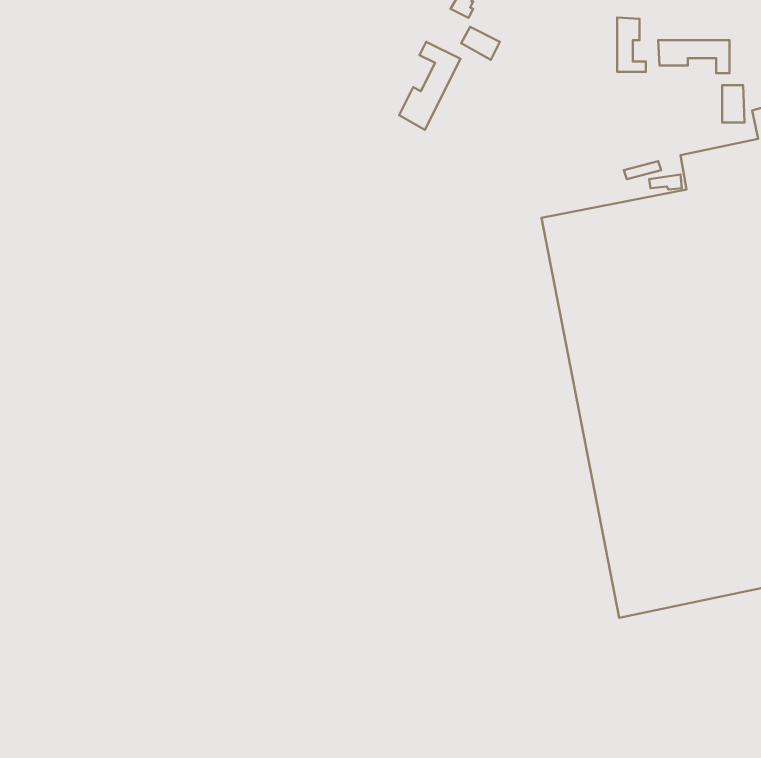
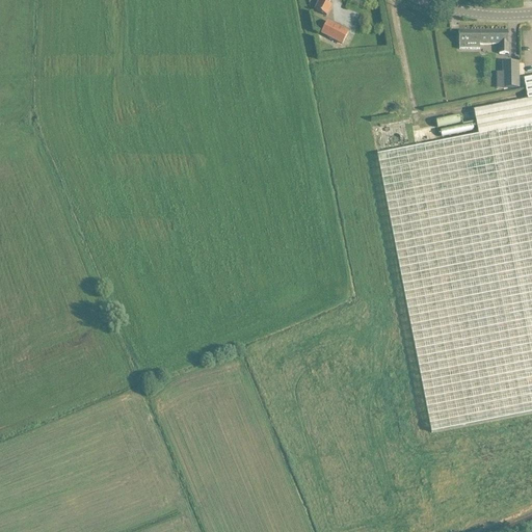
building: [617,18,646,72] -> none
building: [399,42,460,130] -> none

